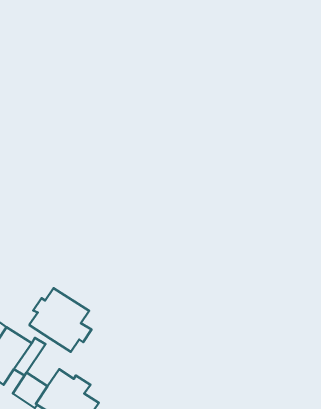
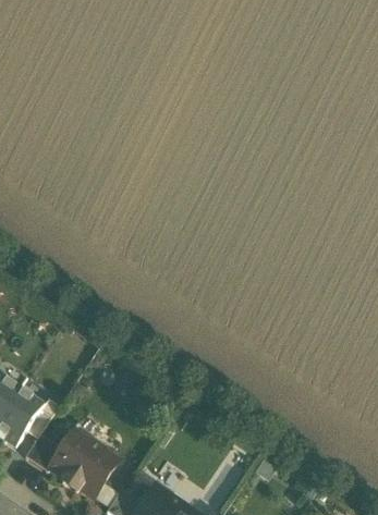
building: [30,288,91,352] -> none

